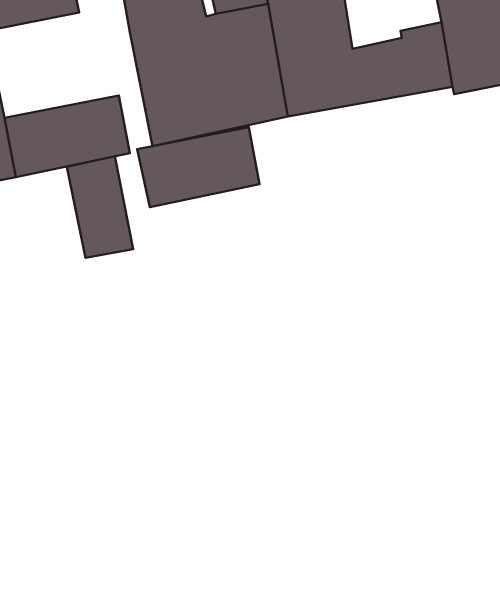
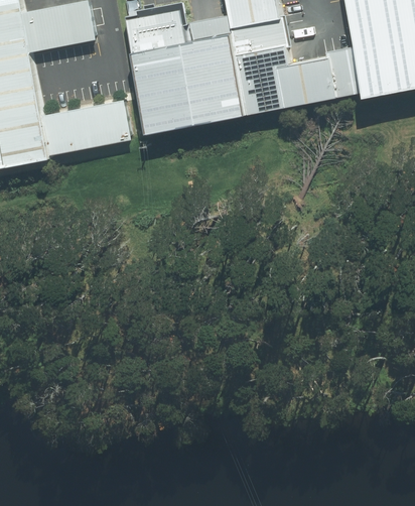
building: [137,127,259,207] -> none
building: [67,156,133,258] -> none

